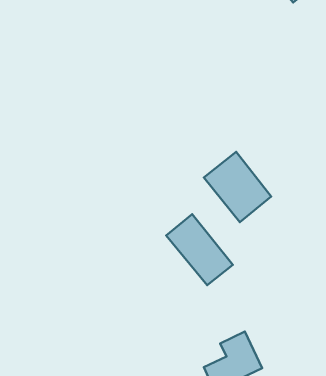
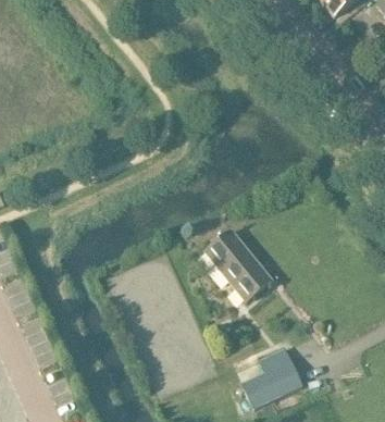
building: [204,152,271,222] -> none

